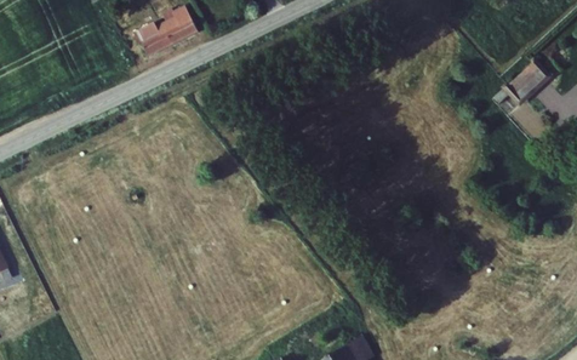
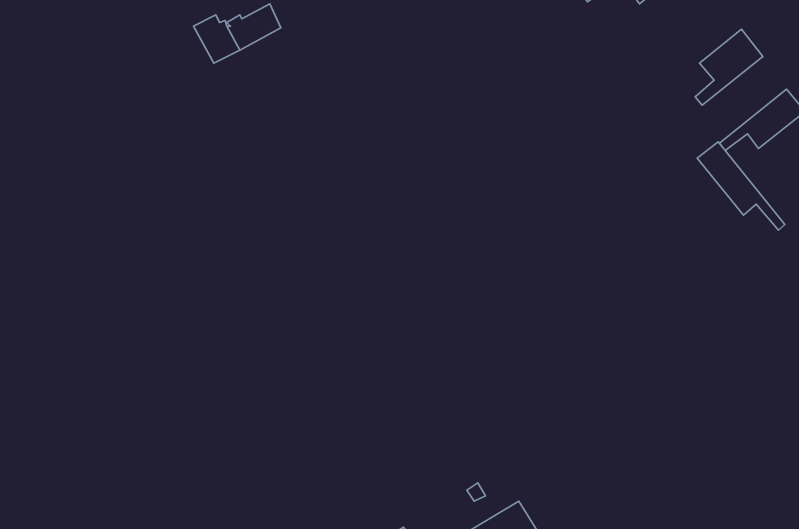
building: none -> [695,29,763,105]
building: none -> [697,142,785,230]

